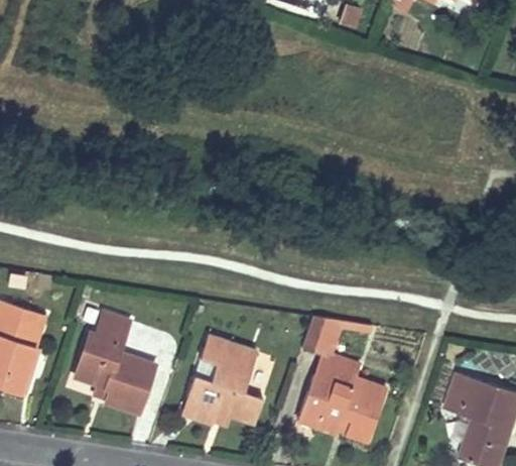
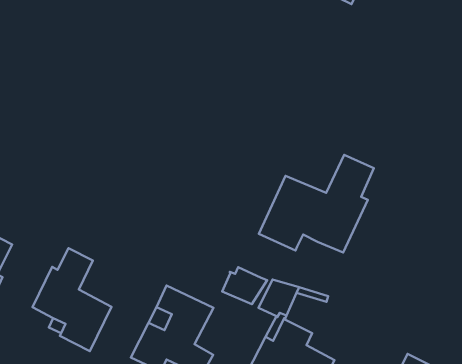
building: none -> [259,155,374,253]
building: none -> [222,267,267,304]

